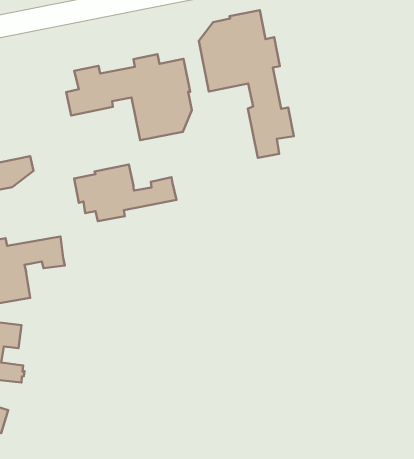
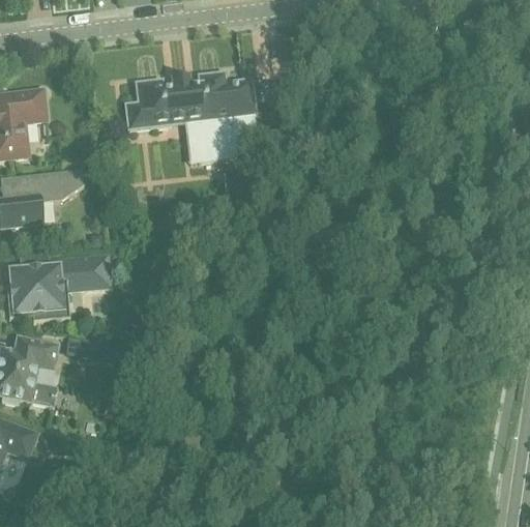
building: [199,10,294,158] -> none
building: [74,164,177,221] -> none

